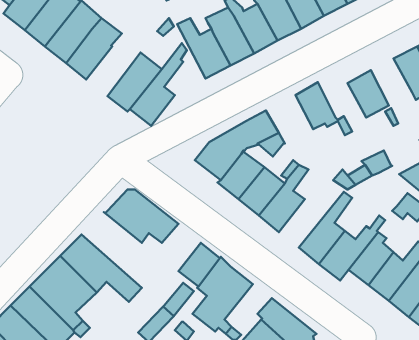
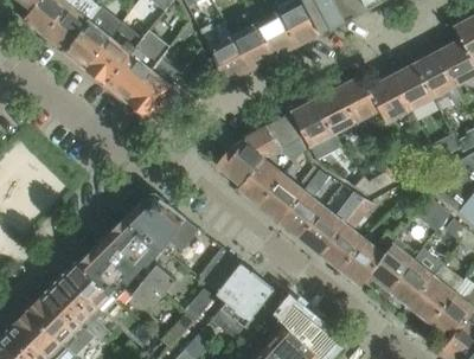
building: none -> [105,30,168,102]
building: none -> [391,64,433,111]
building: none -> [338,76,379,123]
building: none -> [292,101,340,160]
building: none -> [299,192,364,254]
building: none -> [101,218,175,294]

